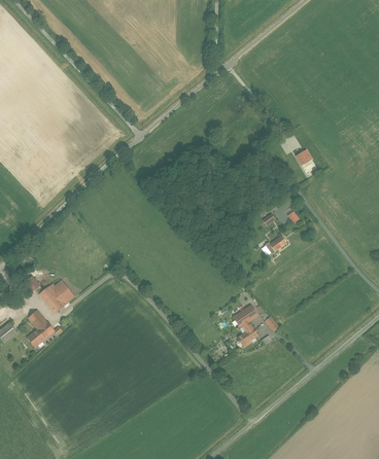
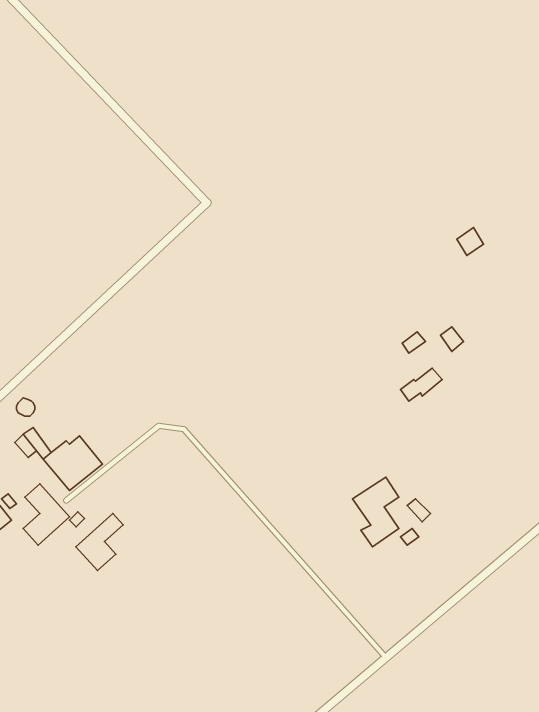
building: none -> [76,514,123,571]

